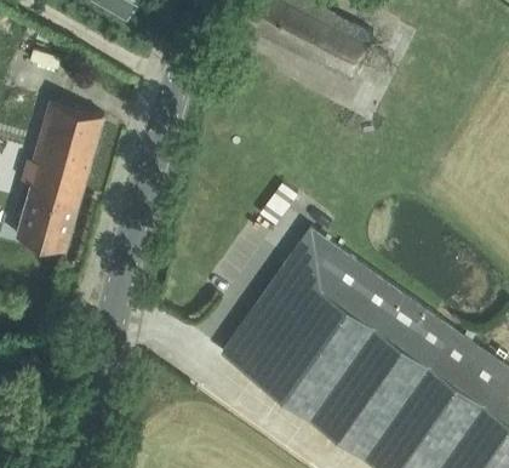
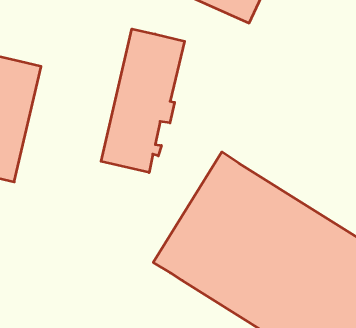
building: none -> [101,29,185,173]

